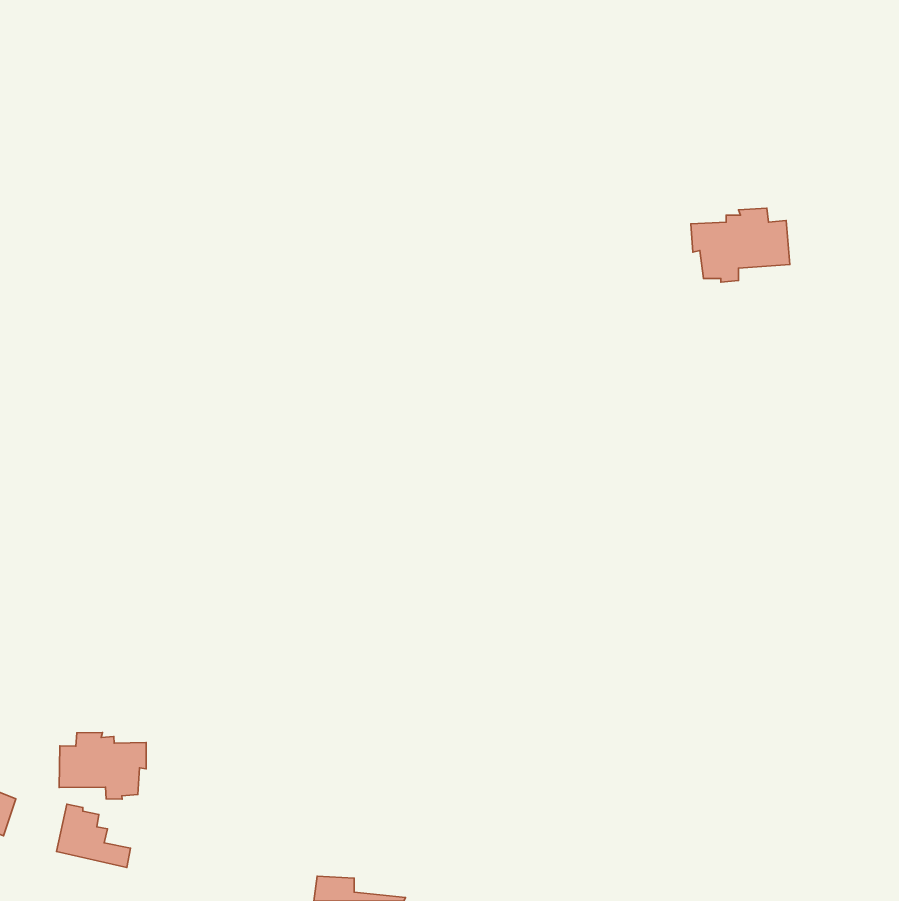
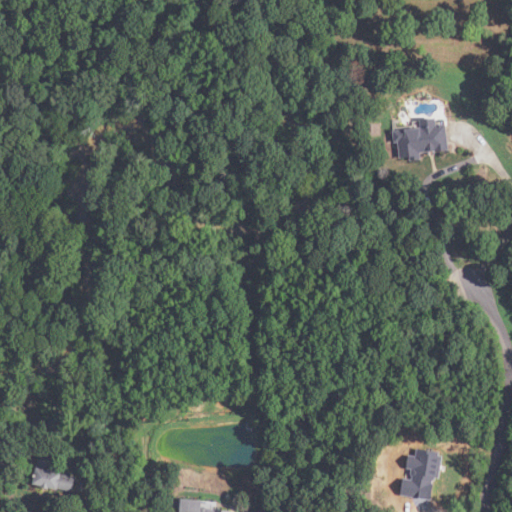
building: [59,733,146,799] -> none
building: none -> [394,453,437,504]

